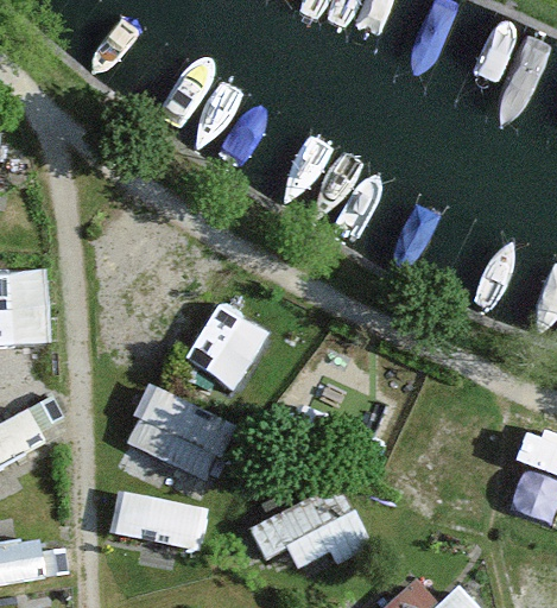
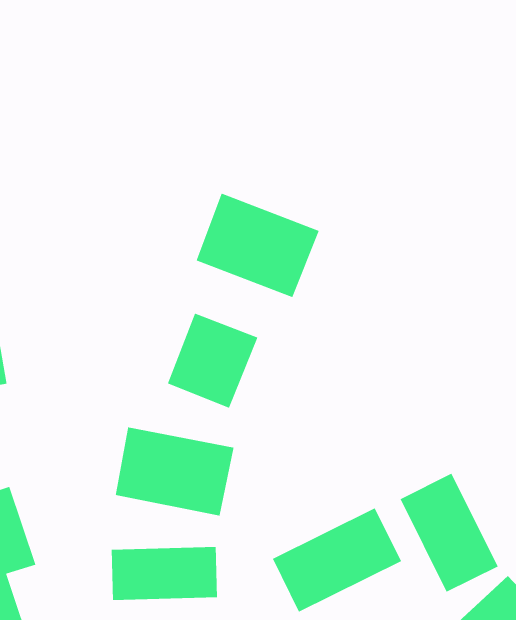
building: none -> [195,192,320,298]
building: none -> [399,473,499,593]

